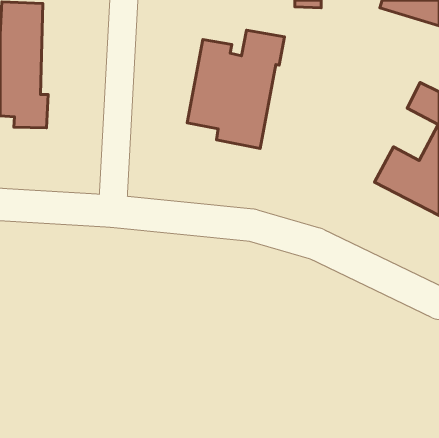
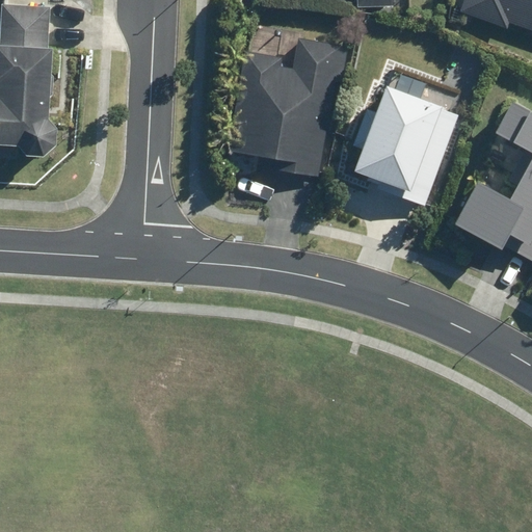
building: none -> [352,84,457,203]

